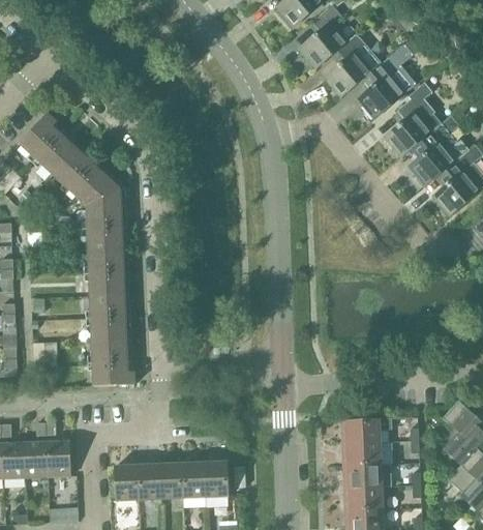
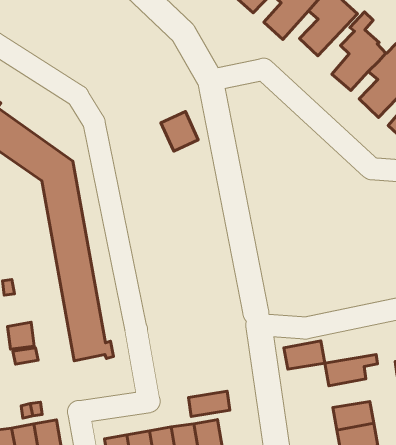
building: none -> [161,112,198,151]
building: none -> [188,391,230,416]
building: [341,442,380,466] -> [284,341,325,369]

